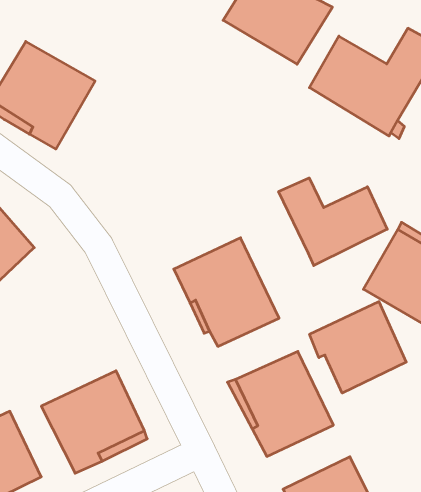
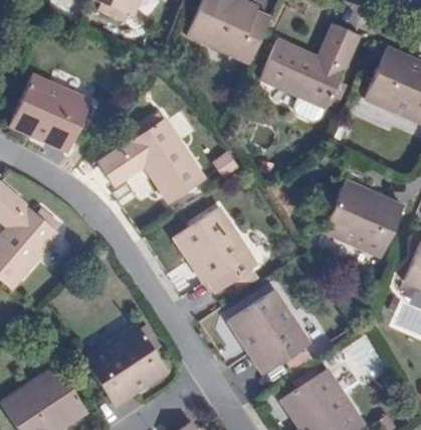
building: none -> [99,117,207,204]
building: [279,178,387,266] -> none
building: [310,302,406,393] -> none

